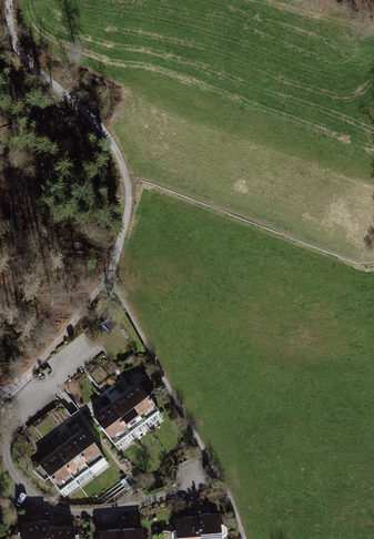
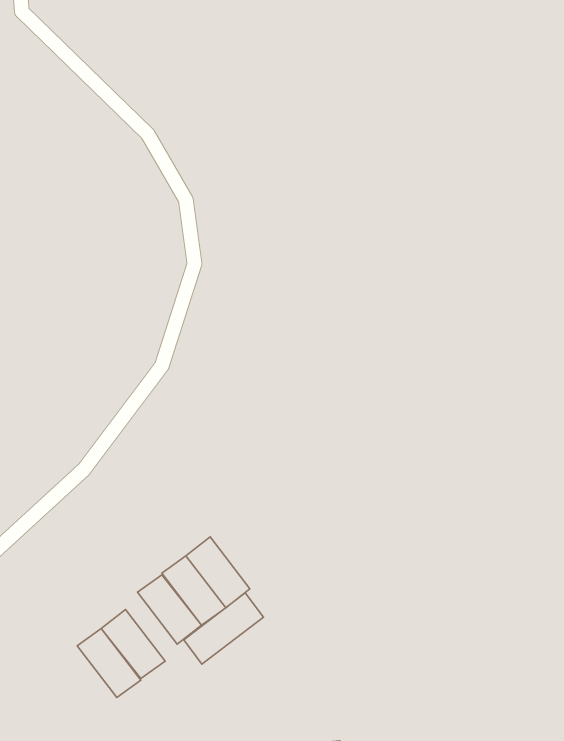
building: none -> [184,593,263,664]
building: [37,454,78,498] -> none

